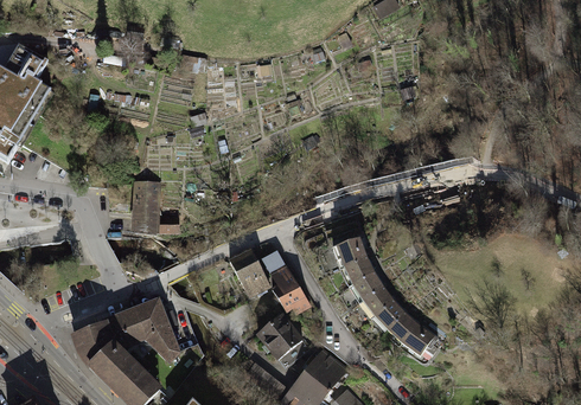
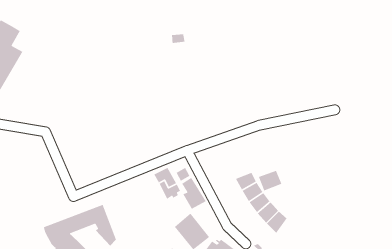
building: [134,182,179,232] -> none
building: [333,237,368,268] -> [258,170,282,192]
building: [401,319,443,355] -> none

